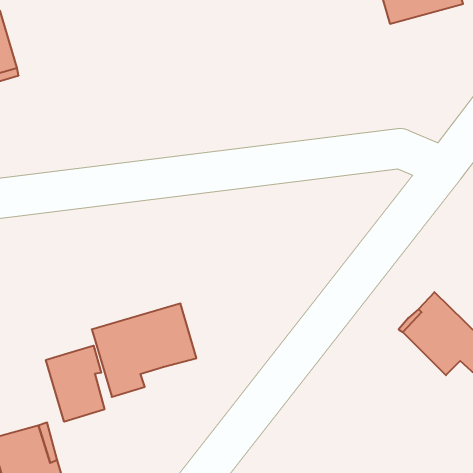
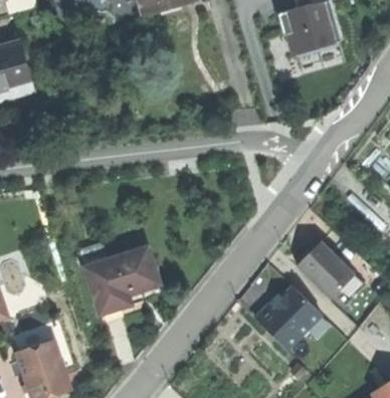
building: [46,346,104,422] -> none
building: none -> [256,284,324,348]

